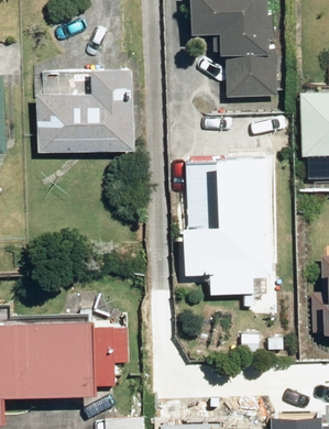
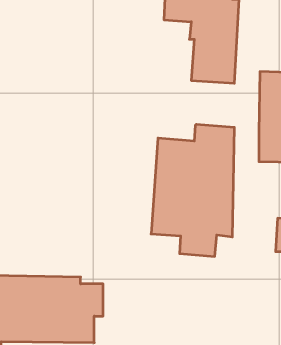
building: [39,62,138,152] -> none

